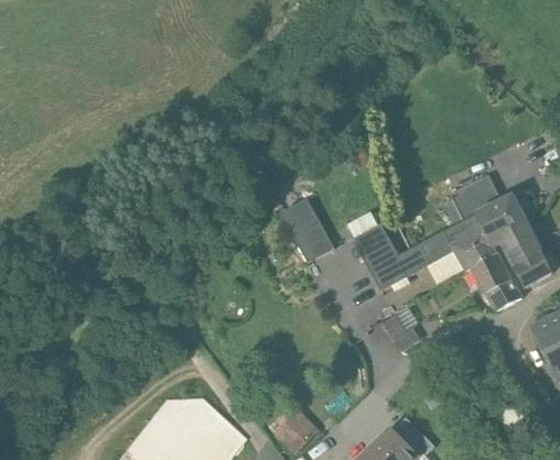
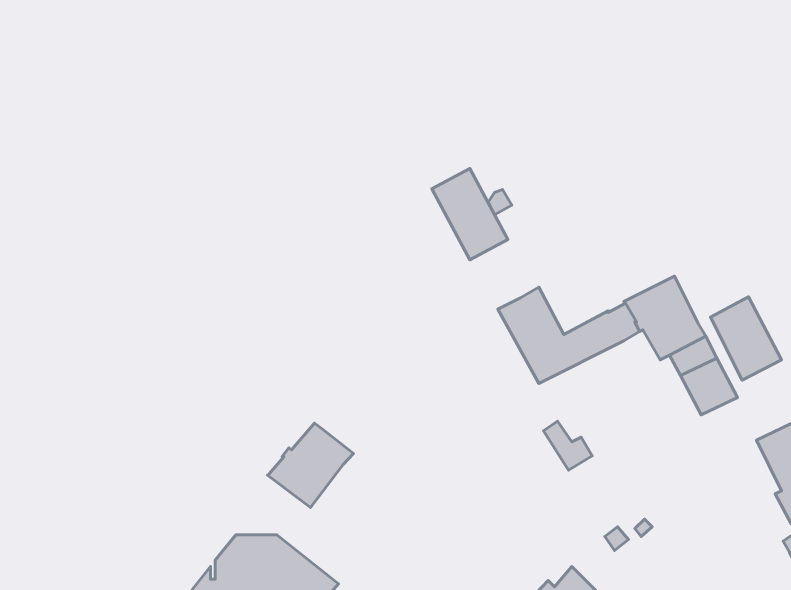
building: [454,174,528,248] -> none
building: [282,197,335,261] -> [432,168,508,260]
building: none -> [267,423,353,508]

